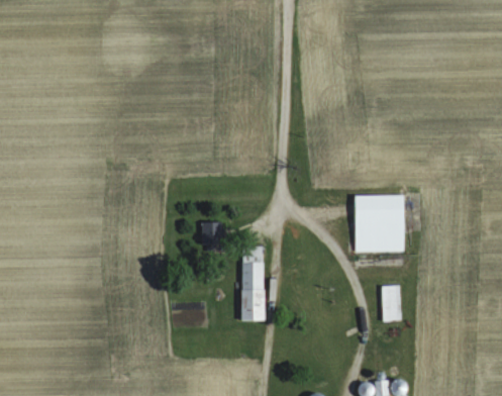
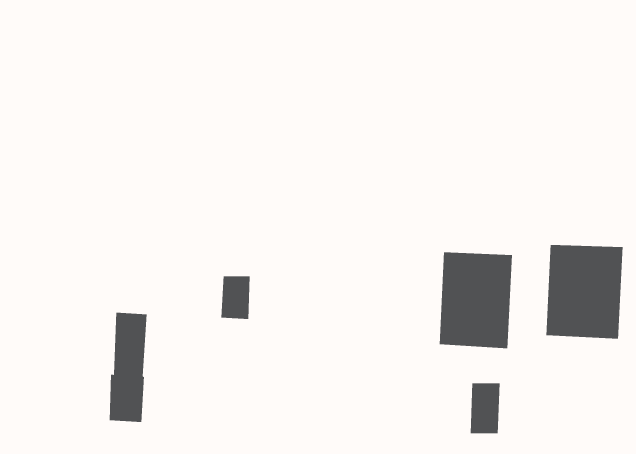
building: none -> [546,244,623,340]
building: [240,245,265,321] -> [109,312,147,423]

